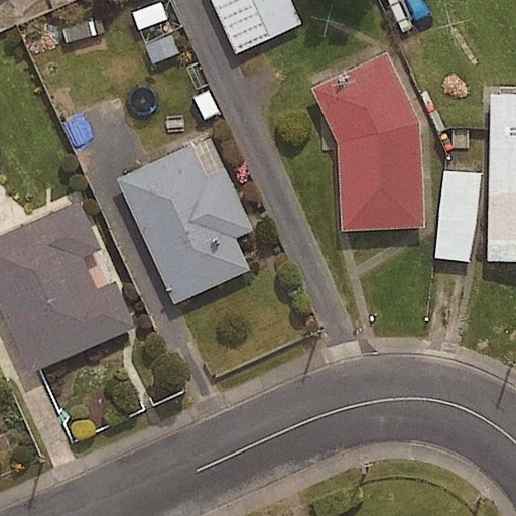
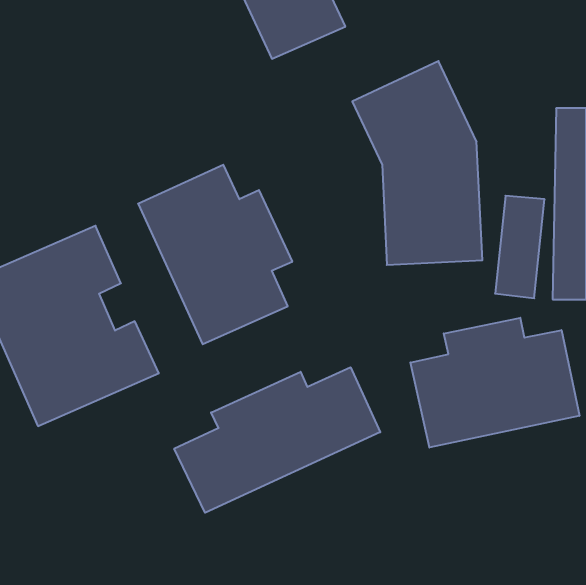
building: none -> [410,318,579,448]
building: none -> [174,367,380,513]

